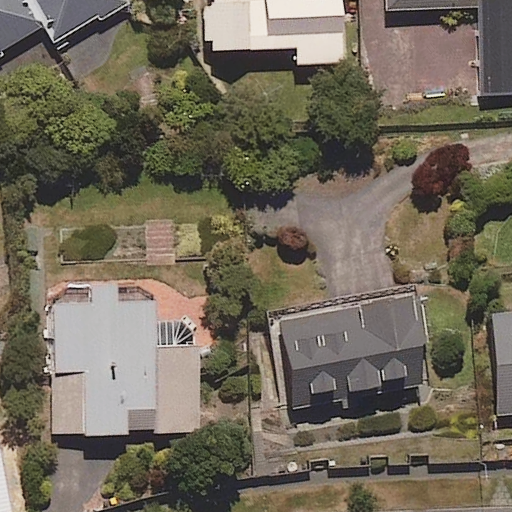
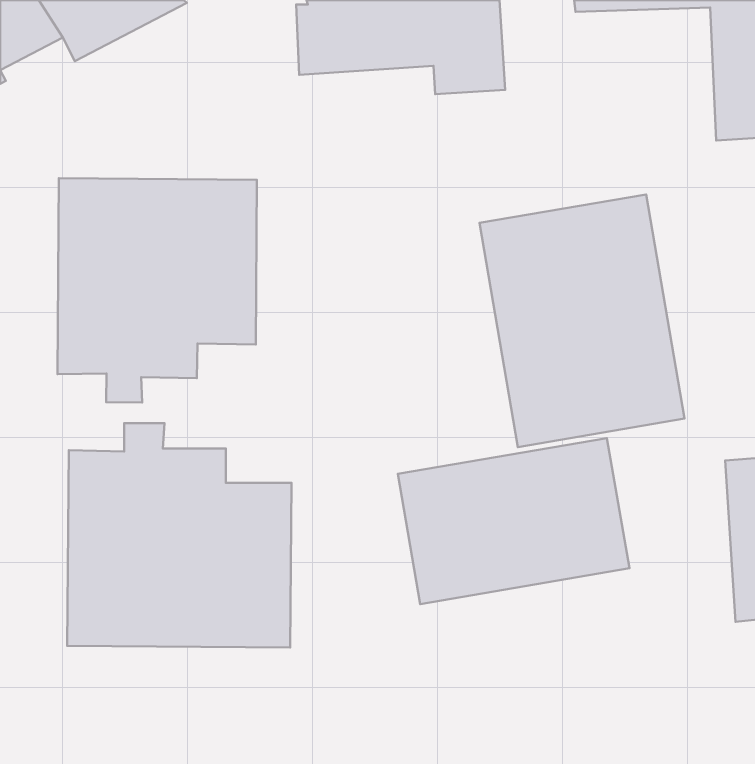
building: none -> [57,178,257,403]
building: none -> [479,195,684,447]

